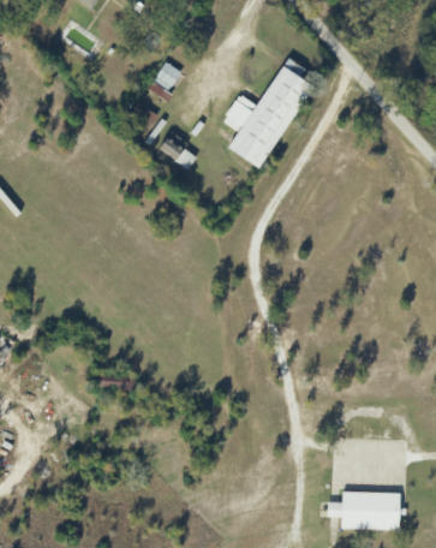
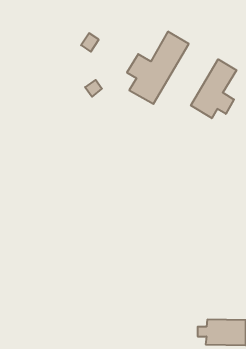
building: none -> [191,59,236,118]

